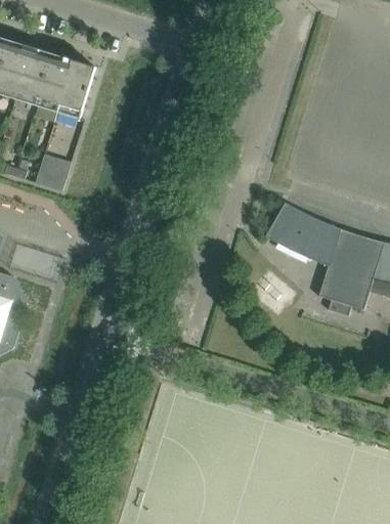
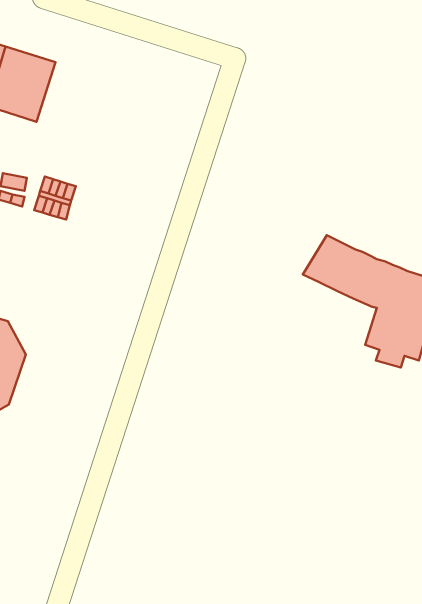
building: [37,54,95,119] -> none

